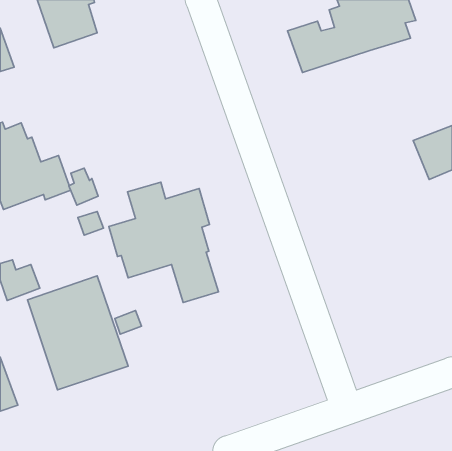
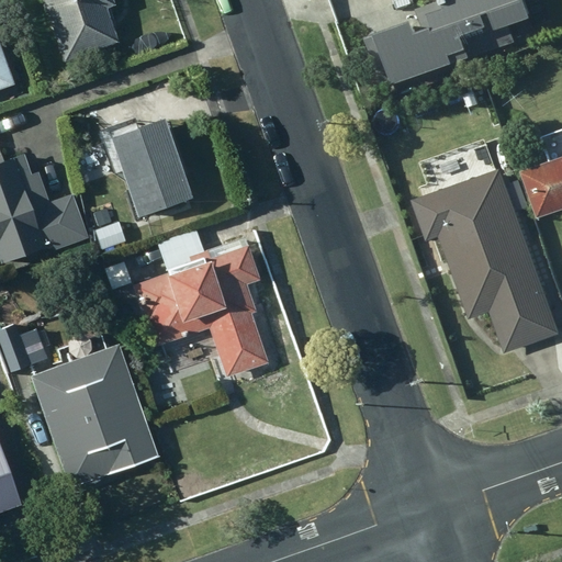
building: none -> [103,114,195,215]
building: none -> [403,139,553,357]

